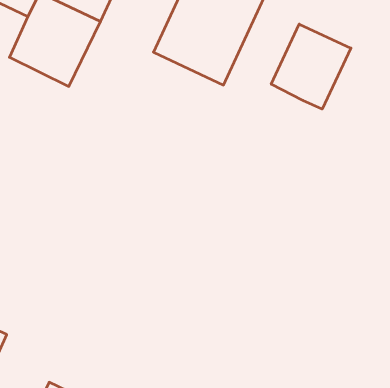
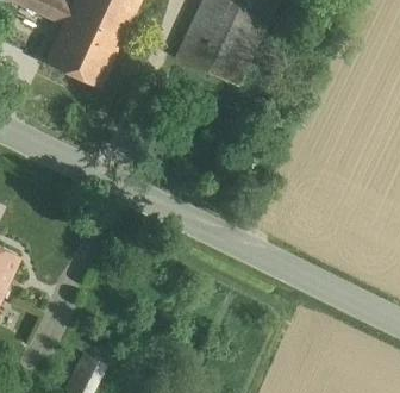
building: [271,24,351,109] -> none

